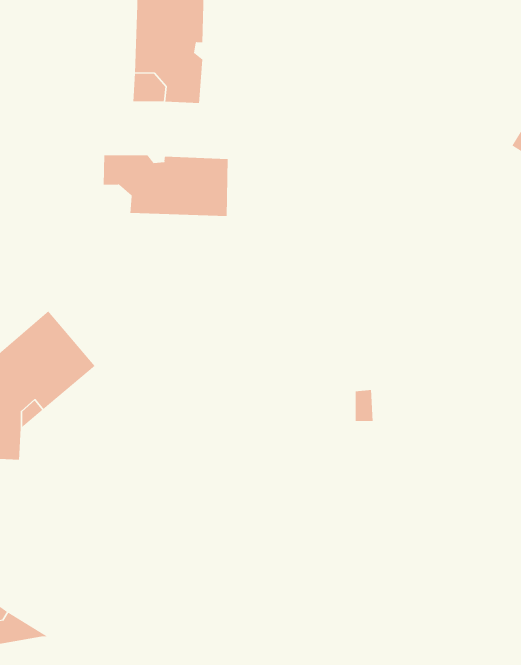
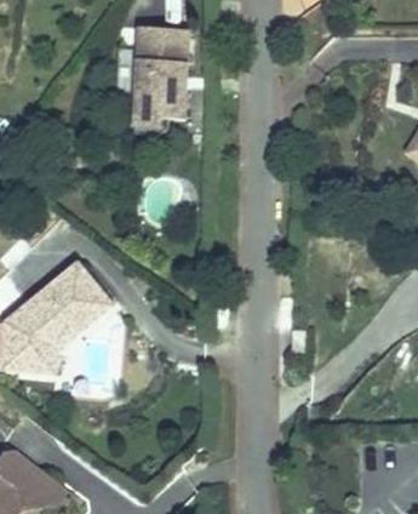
building: [103,155,228,217] -> none

